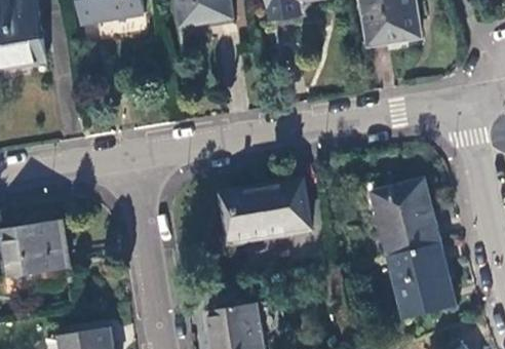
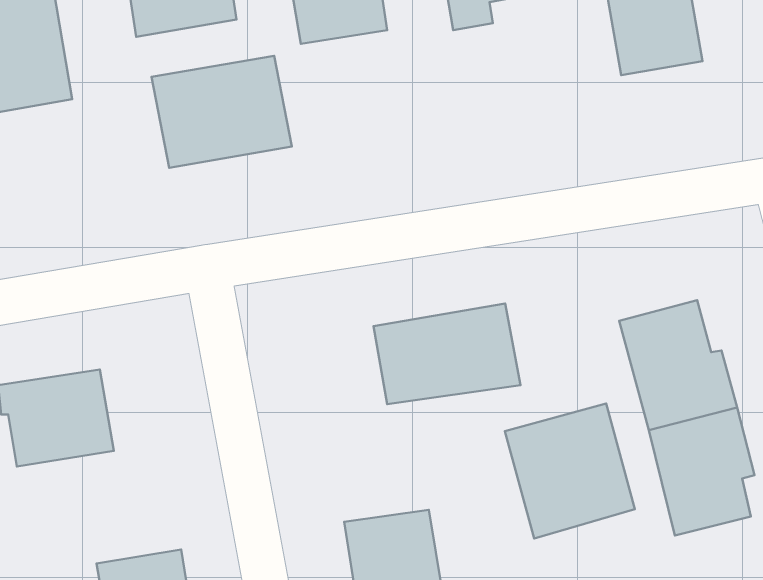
building: none -> [152,56,292,168]
building: none -> [505,404,635,538]

